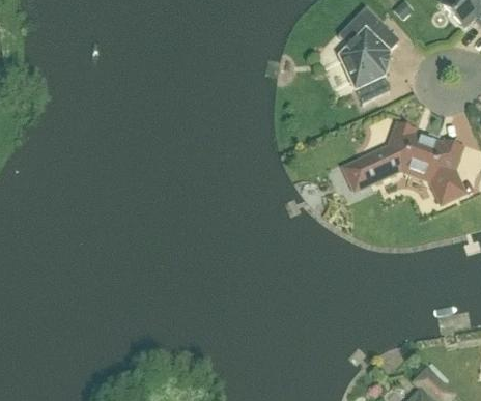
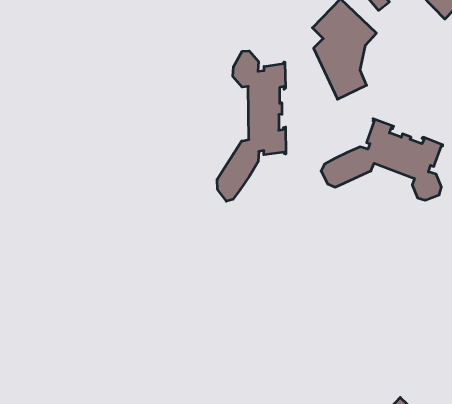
building: none -> [217,51,286,201]

